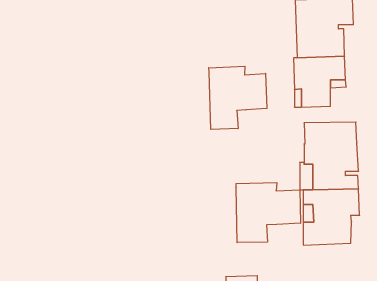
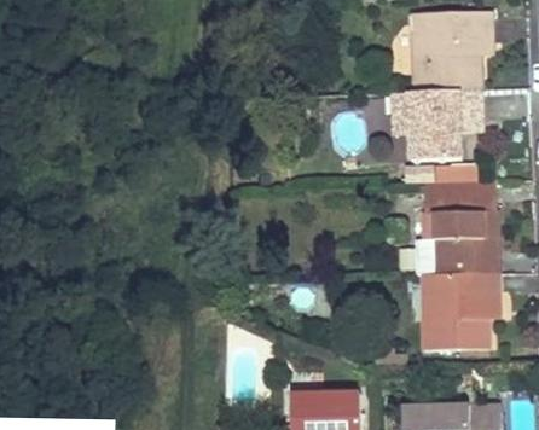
building: [209,66,267,129] -> none
building: [236,183,300,243] -> none

